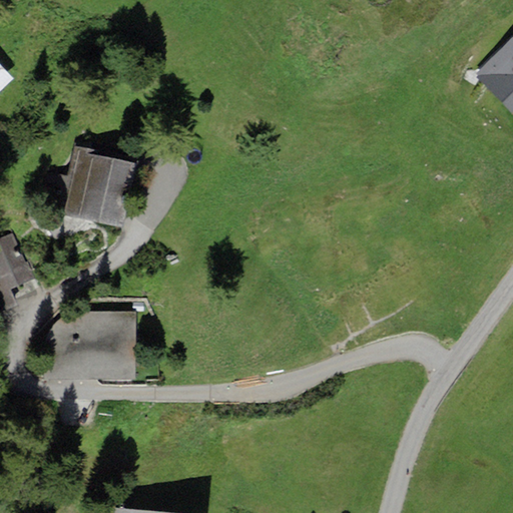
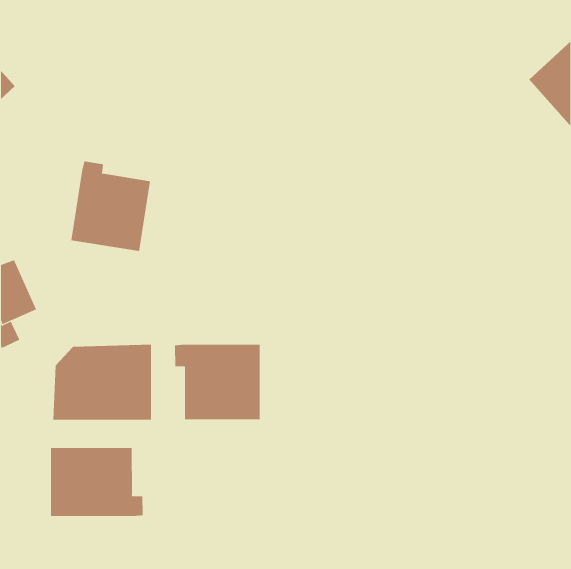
building: none -> [175,344,260,420]
building: none -> [50,447,143,517]

